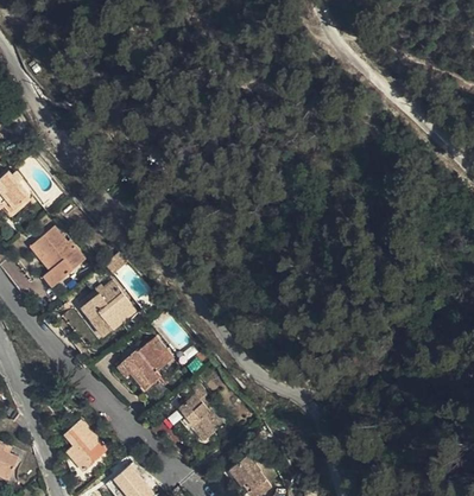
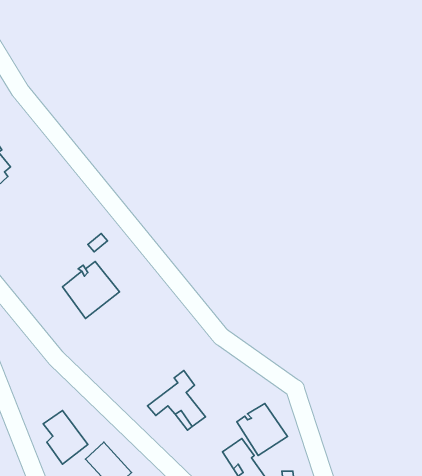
building: [27,223,83,286] -> none
building: [124,338,177,393] -> none
building: none -> [237,403,288,456]

